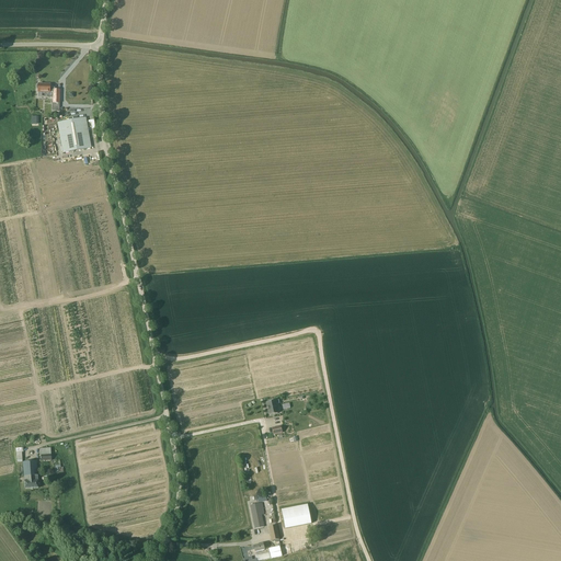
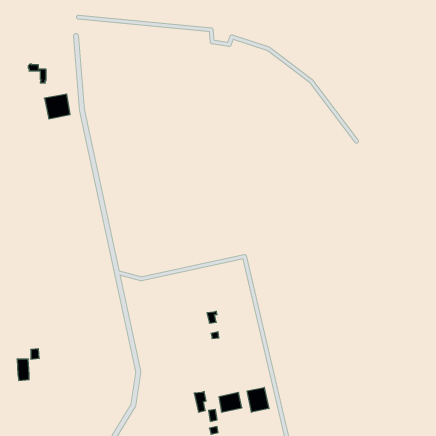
building: none -> [247,387,269,412]

